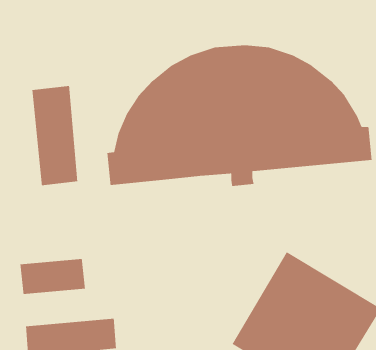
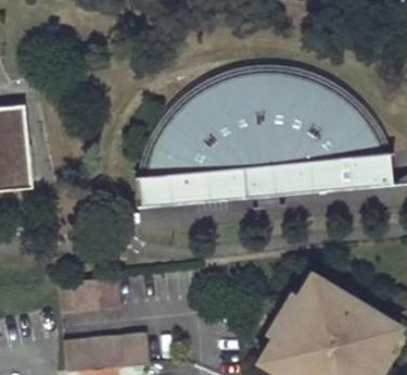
building: [32,85,78,186] -> none

